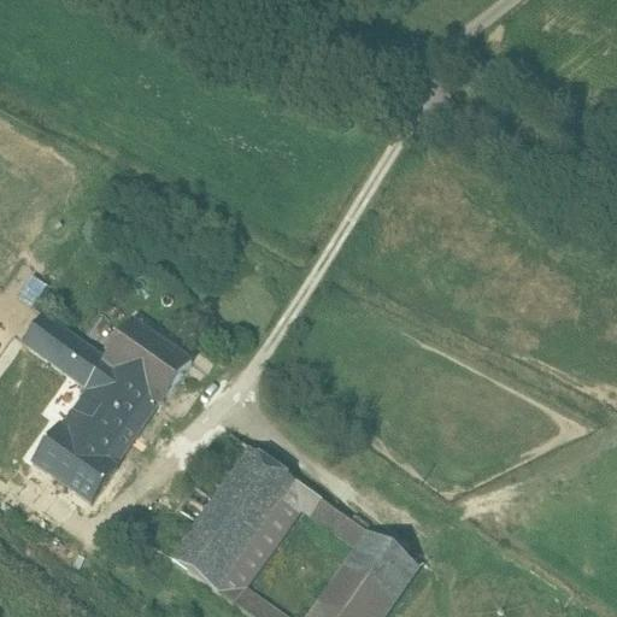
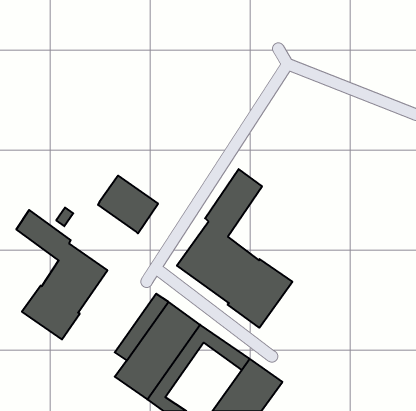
building: none -> [177,169,292,328]
building: [102,317,192,402] -> [98,176,158,233]

